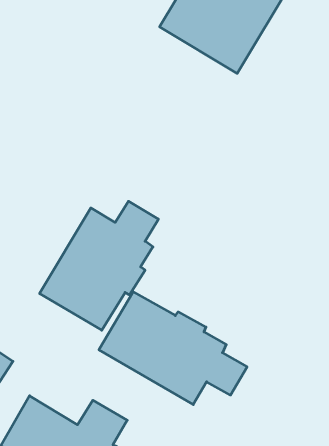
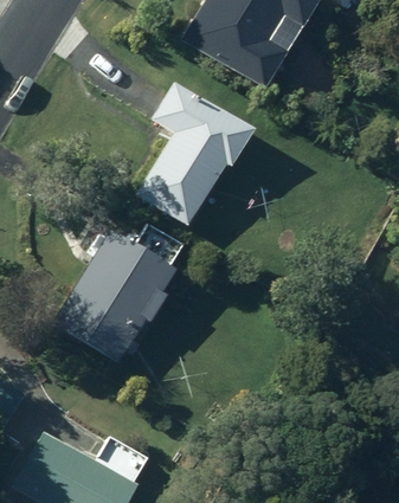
building: none -> [139,84,252,224]
building: [99,292,247,405] -> none

